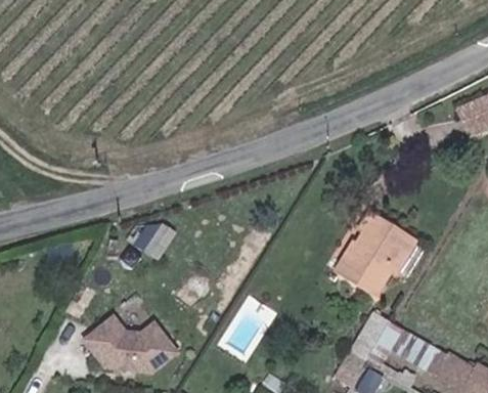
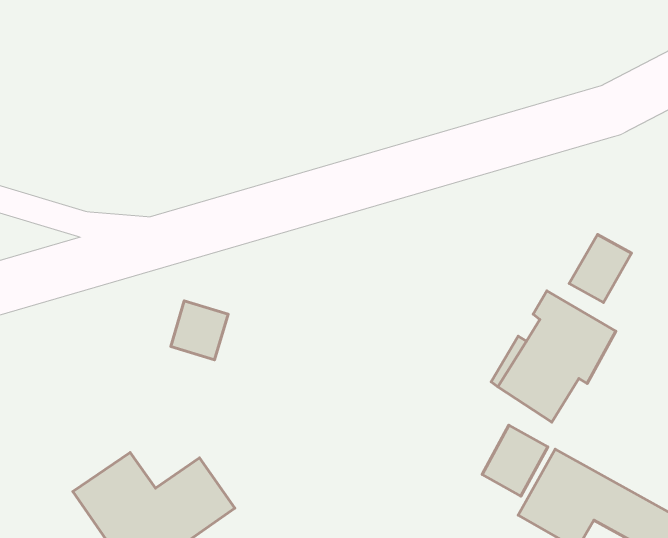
building: none -> [569,234,631,302]
building: none -> [482,425,548,496]

